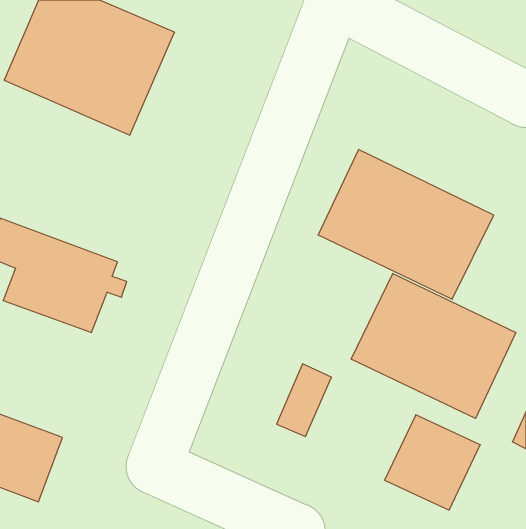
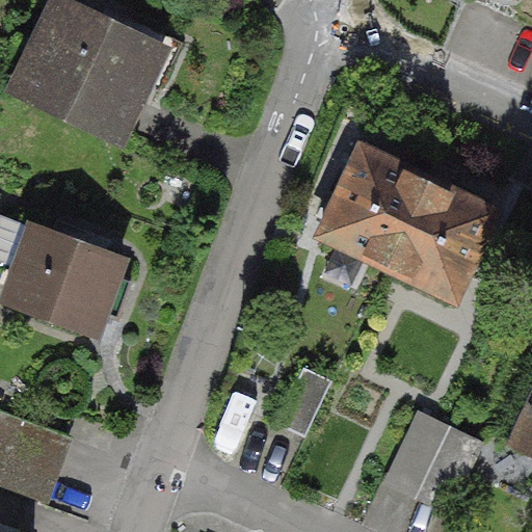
building: [351,273,516,418] -> none

